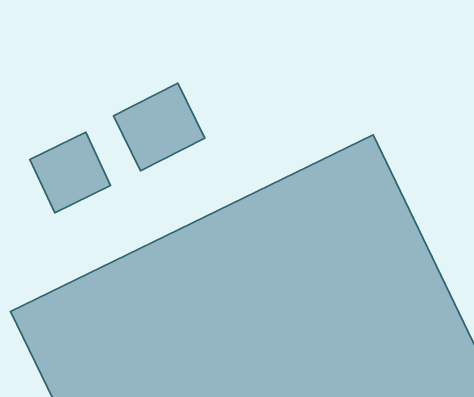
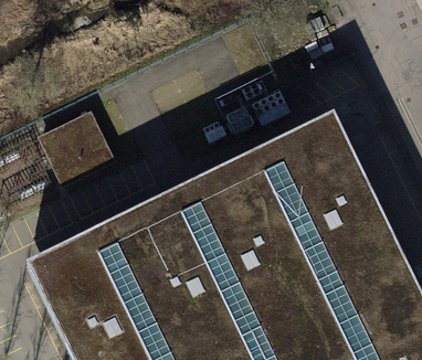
building: [114,83,205,171] -> none

